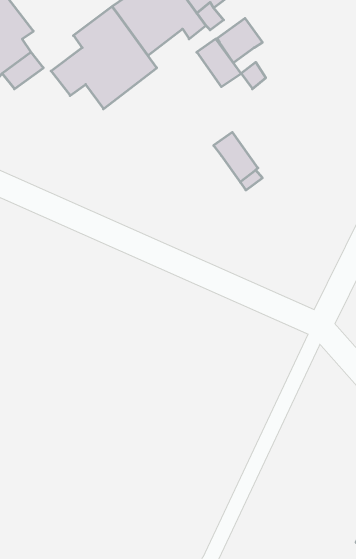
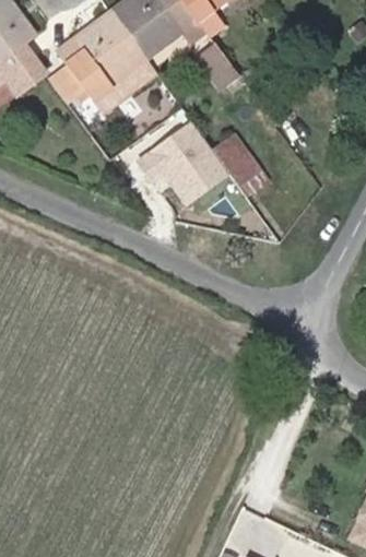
building: [217,18,262,63] -> none
building: none -> [135,121,228,208]

